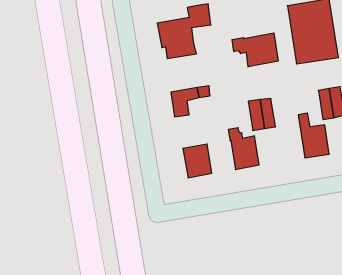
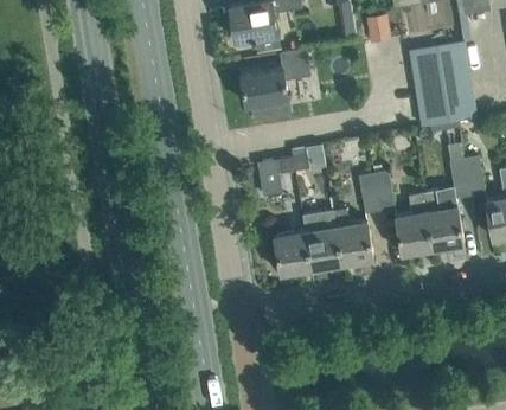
building: [232,33,278,67] -> none
building: none -> [395,193,431,254]
building: none -> [302,212,341,269]

